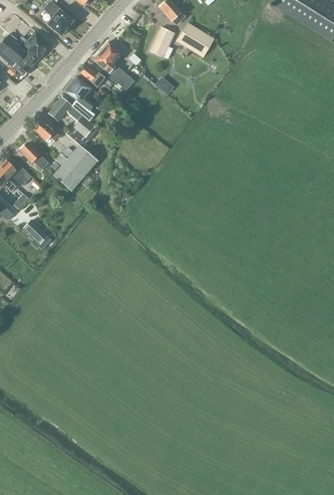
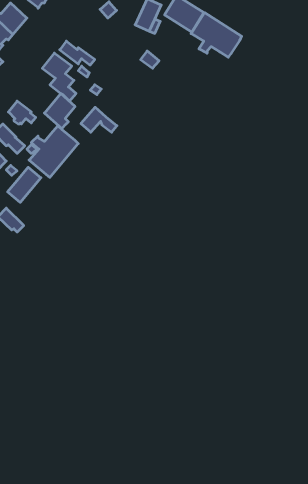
building: none -> [191,13,242,57]
building: [92,40,125,84] -> none
building: [48,96,81,119] -> [81,107,117,132]
building: none -> [8,167,41,202]

